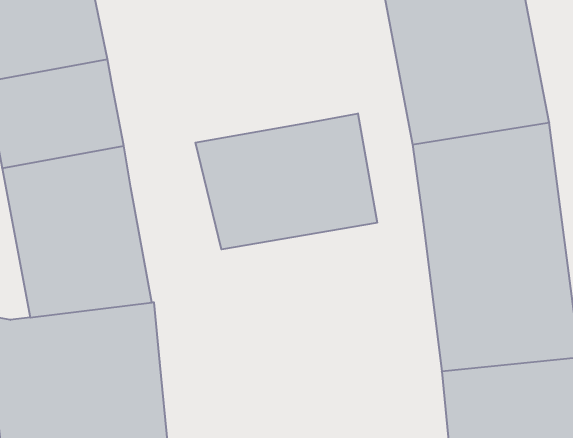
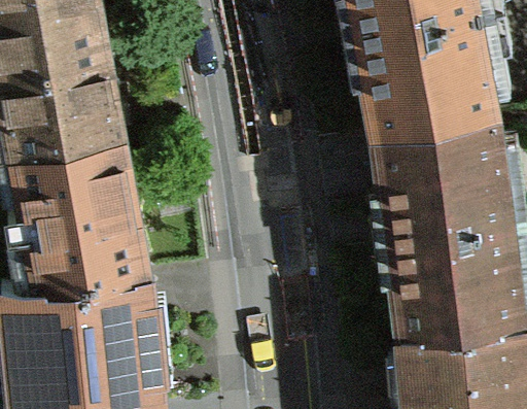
building: [195,113,377,249] -> none

